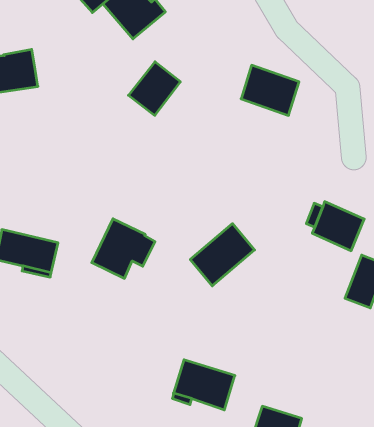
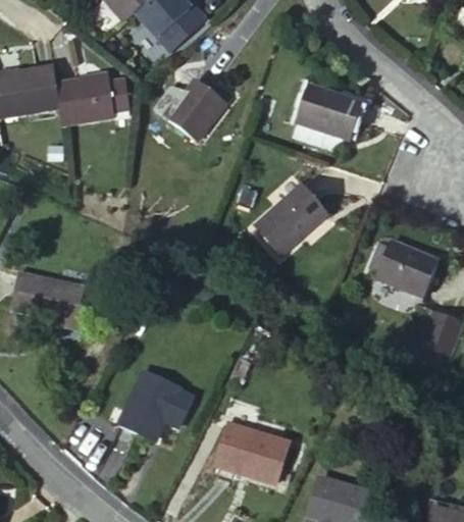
building: none -> [56,77,114,124]
building: [92,219,155,278] -> [118,370,192,439]
building: [190,224,255,286] -> [254,184,328,256]

